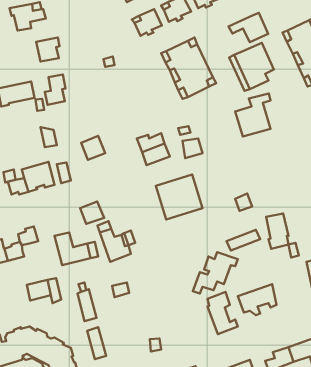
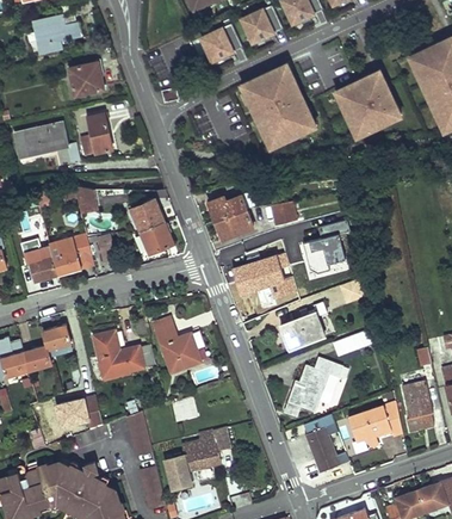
building: [229,13,268,42] -> none
building: [235,93,270,137] -> [299,221,348,280]
building: [80,201,104,224] -> [140,222,173,253]
building: [266,213,288,249] -> [402,382,433,431]
building: none -> [281,313,327,351]
building: none -> [163,427,231,489]

